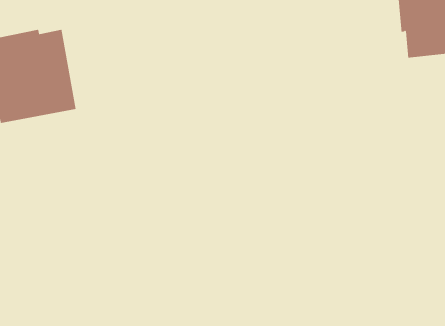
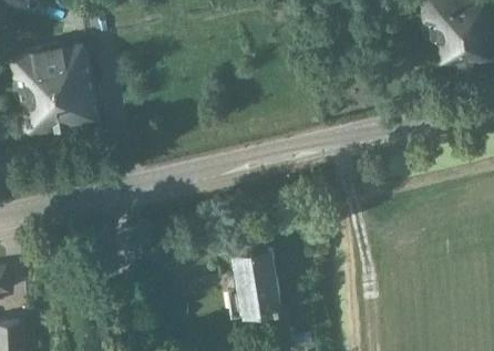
building: none -> [228,247,277,314]

